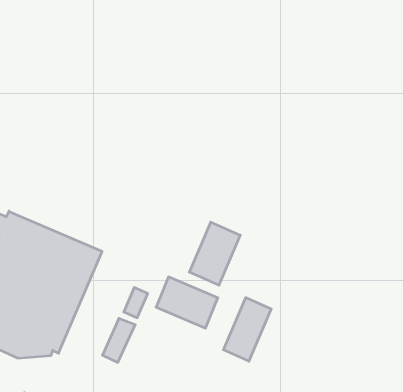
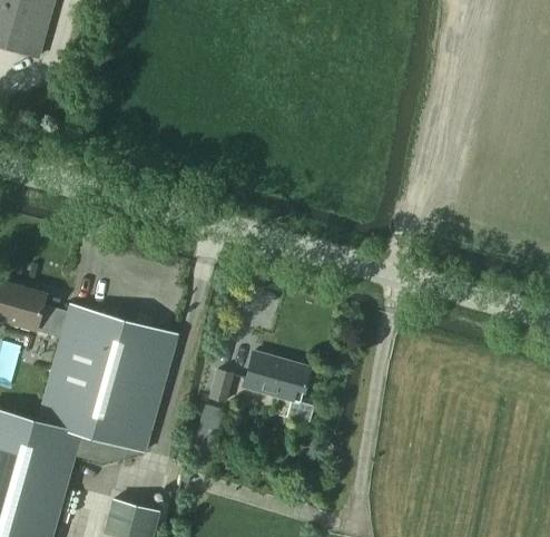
building: [189,222,240,285] -> none
building: [223,298,271,361] -> none

